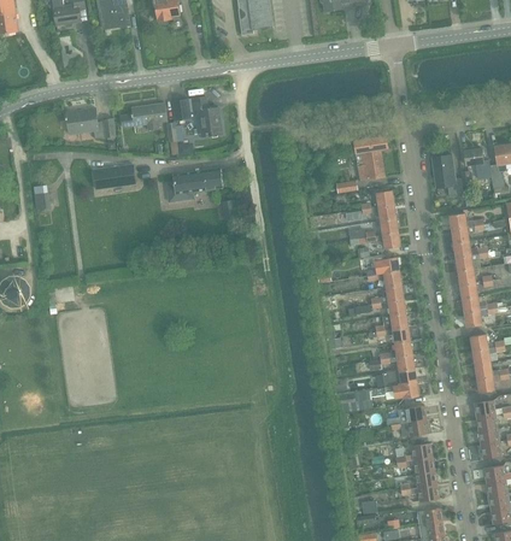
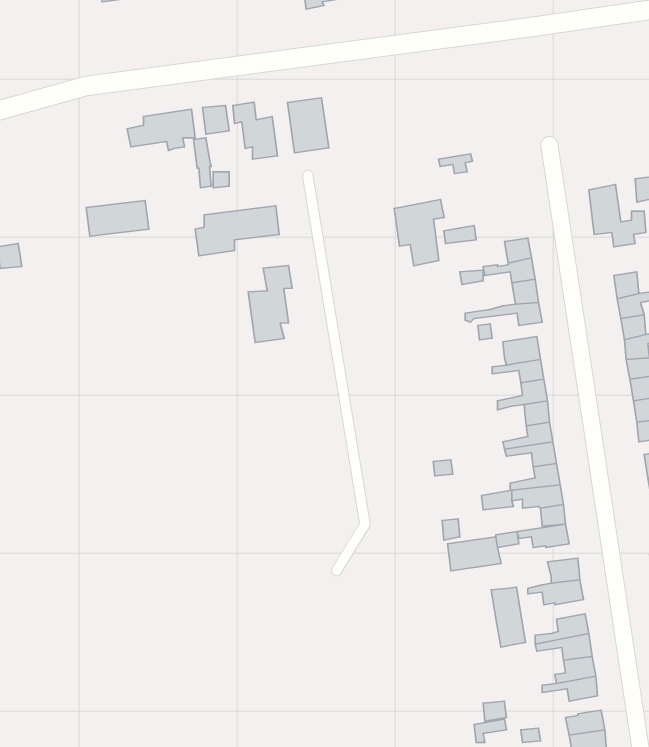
building: none -> [287,98,329,153]
building: [65,107,114,139] -> none
building: [353,135,387,180] -> [394,200,444,266]
building: none -> [248,265,292,343]
building: none -> [491,587,525,647]

